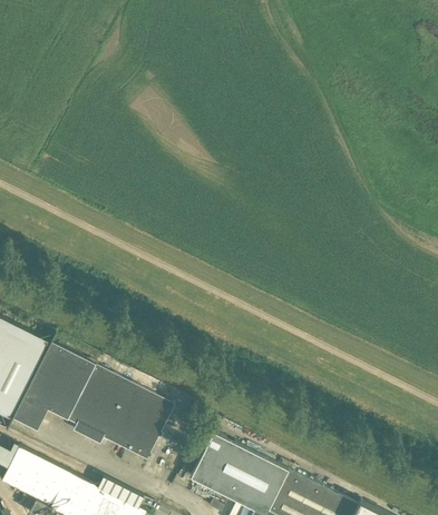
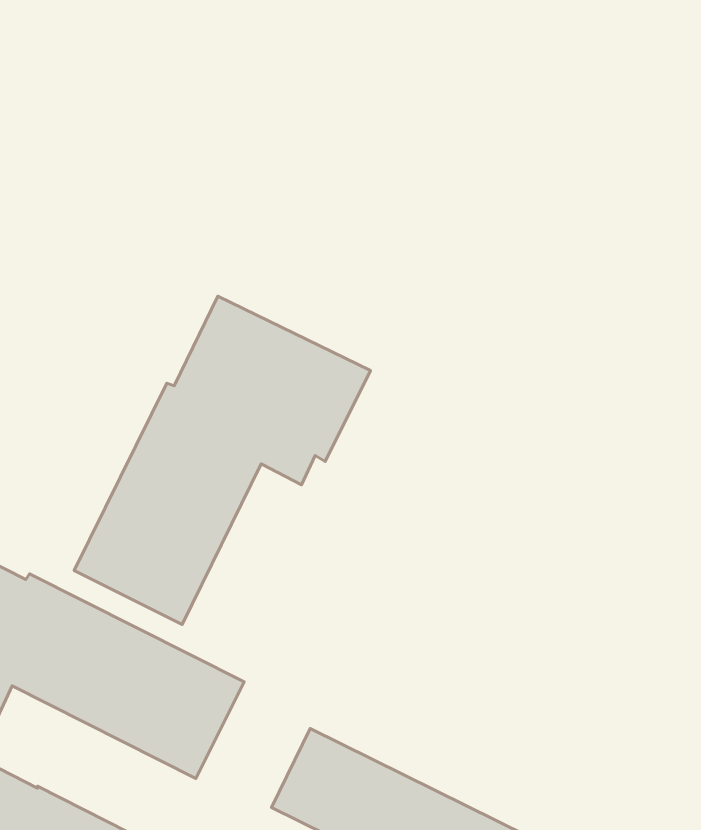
building: none -> [74,296,371,624]

